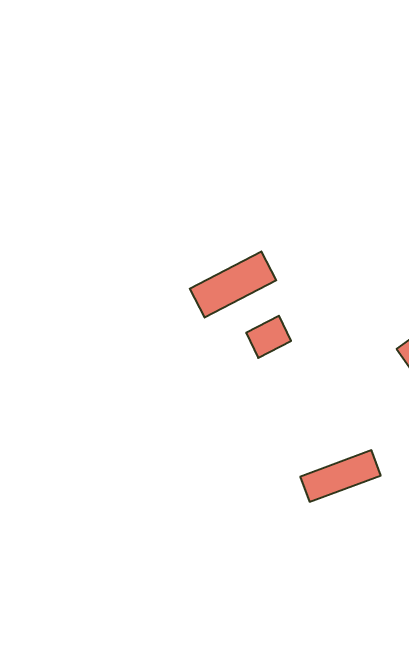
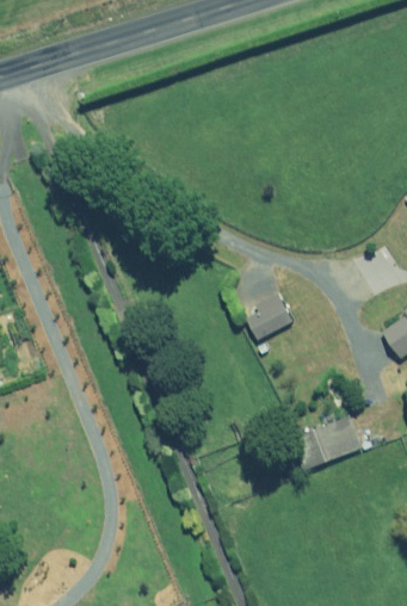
building: [190,251,276,318] -> none

